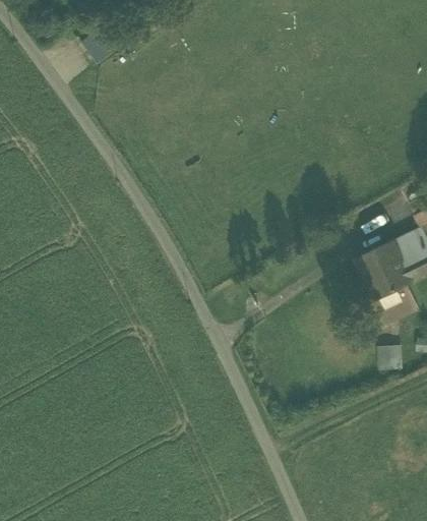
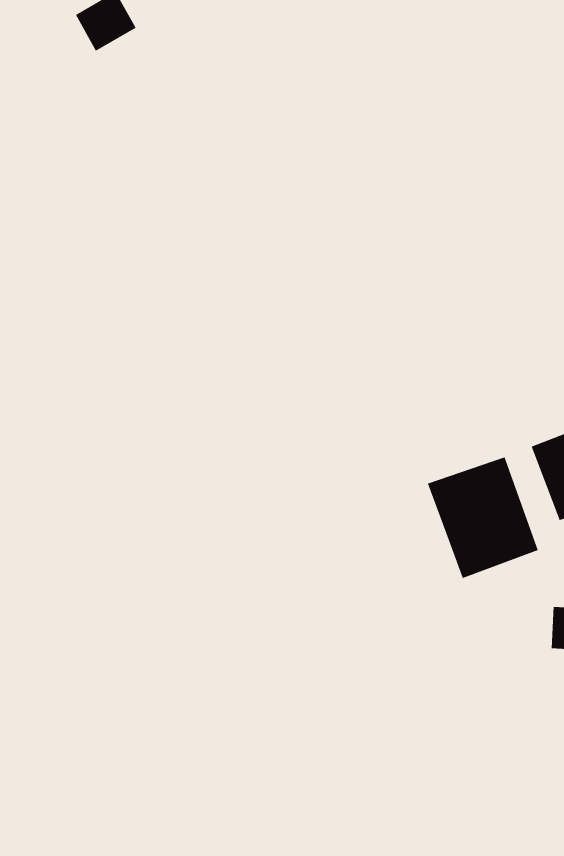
building: none -> [427,457,539,579]

